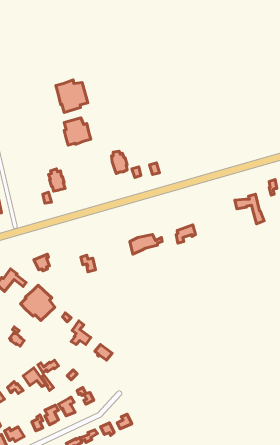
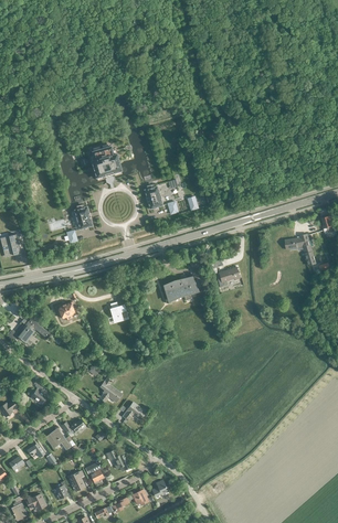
building: [56,80,88,113] -> none
building: [20,285,55,321] -> none

